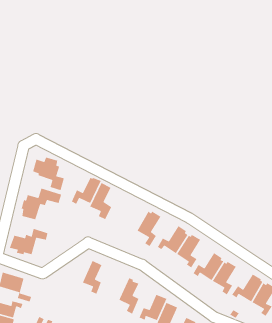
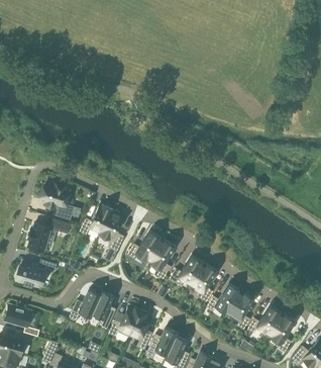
building: none -> [127,231,160,261]
building: none -> [69,289,102,319]
building: none -> [109,305,140,336]

